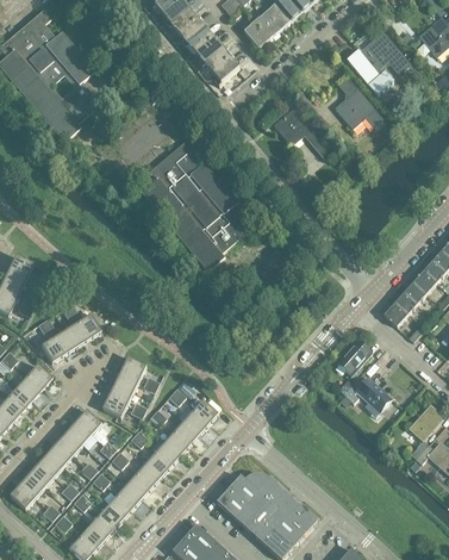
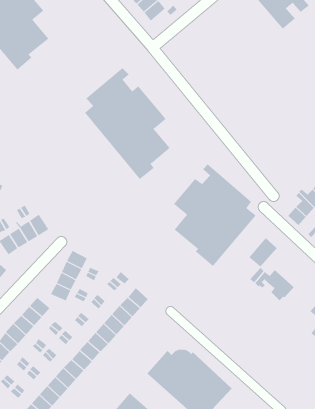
building: [335,88,382,129] -> none
building: [273,106,328,154] -> none
building: none -> [173,163,257,267]

